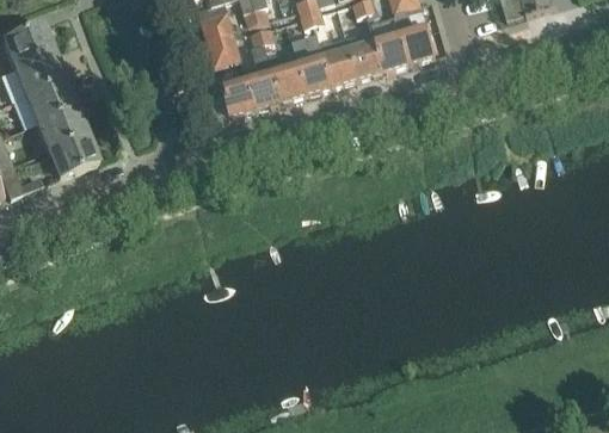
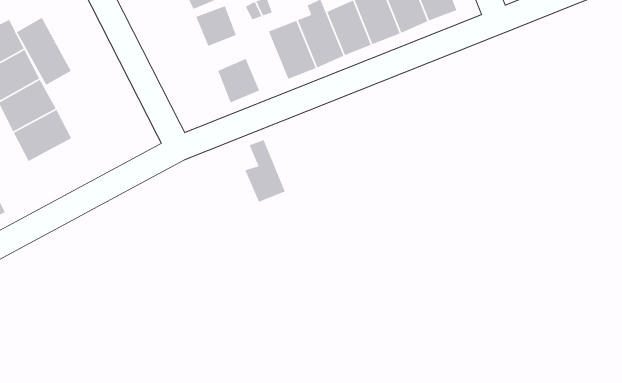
building: none -> [16,17,72,86]
building: [245,54,279,109] -> [244,139,286,203]
building: [45,134,97,178] -> none

